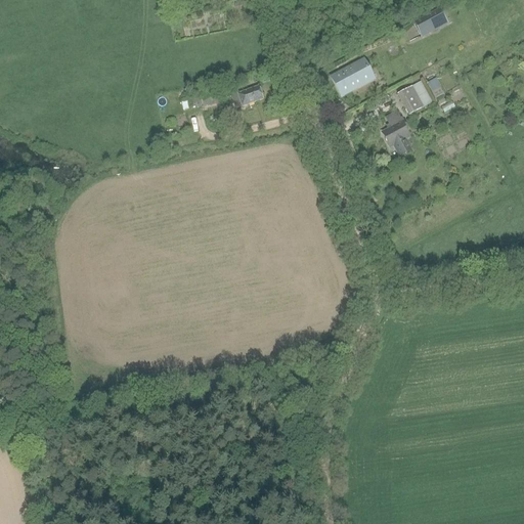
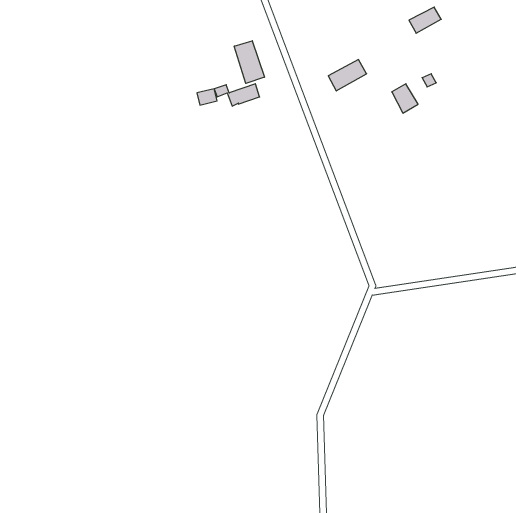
building: none -> [234,41,264,83]
building: [383,111,410,155] -> none

